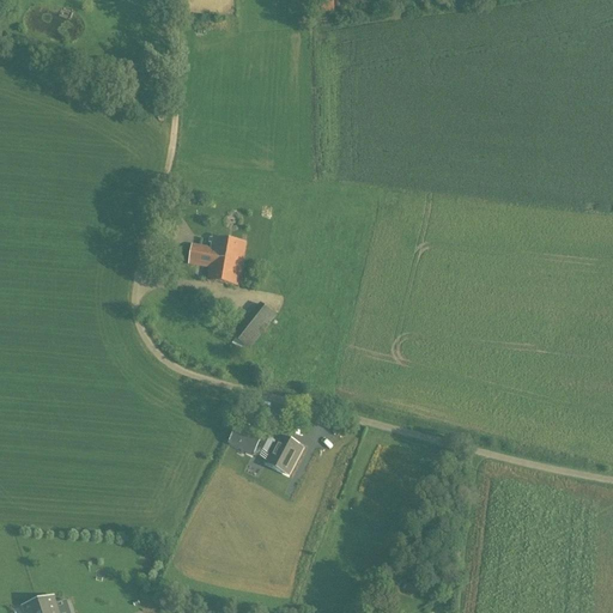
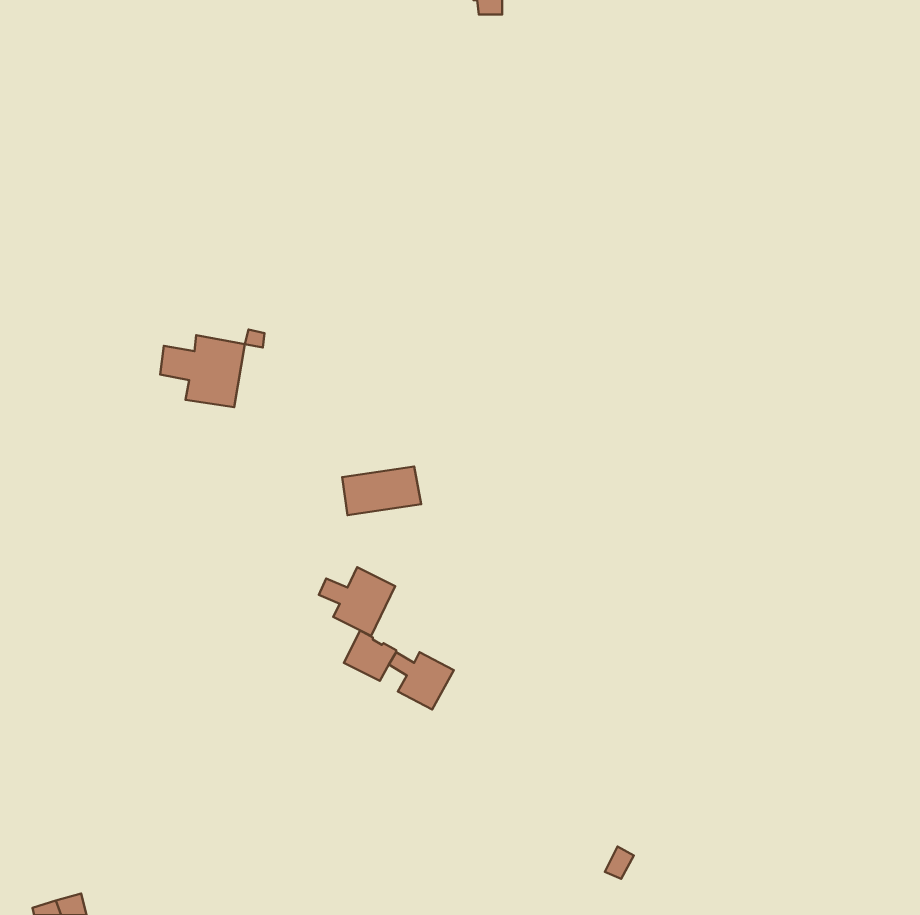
building: [189,236,245,284] -> [160,335,245,407]
building: none -> [319,567,395,636]

